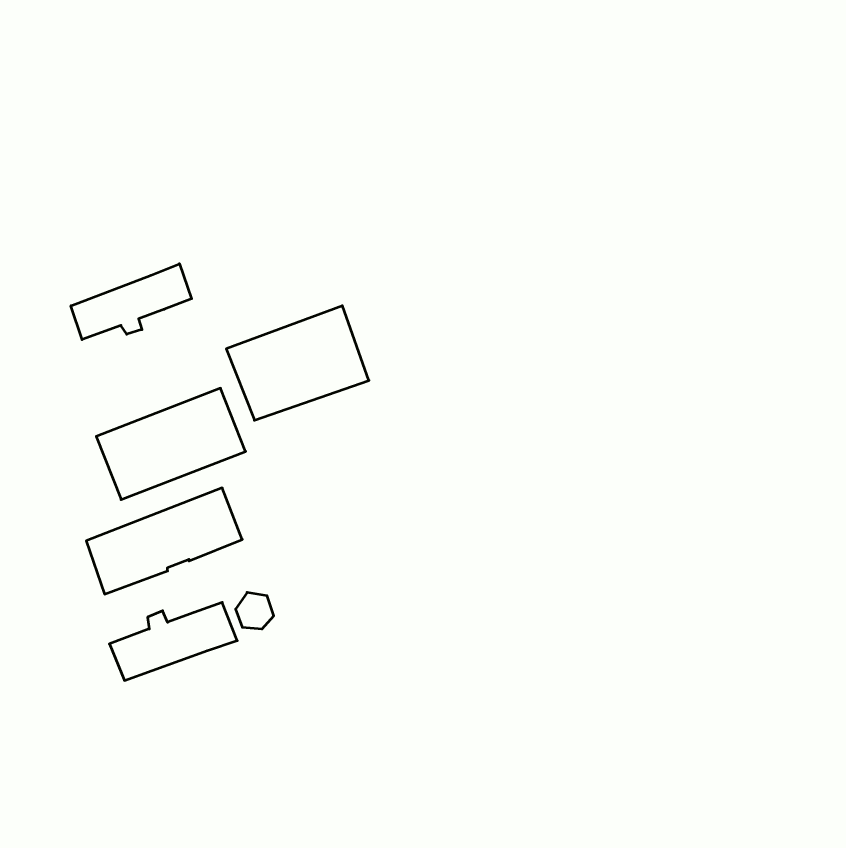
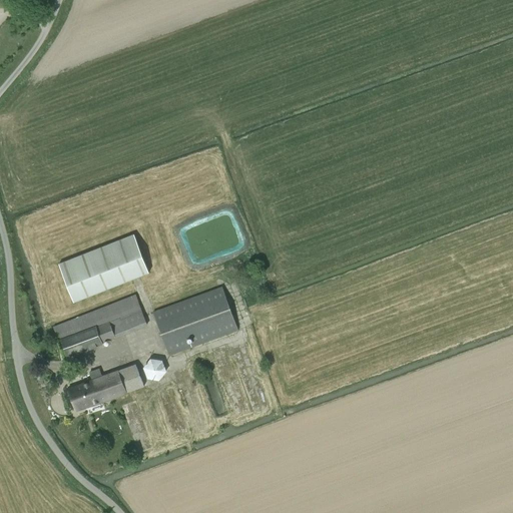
building: [71,264,192,340] -> none
building: [226,306,369,420] -> [151,287,237,356]

